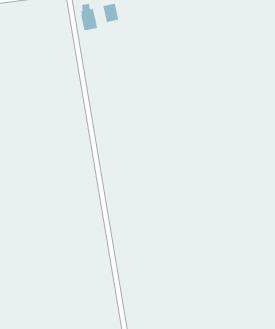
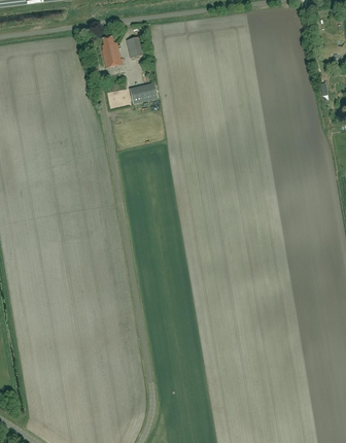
building: none -> [129,83,158,104]

